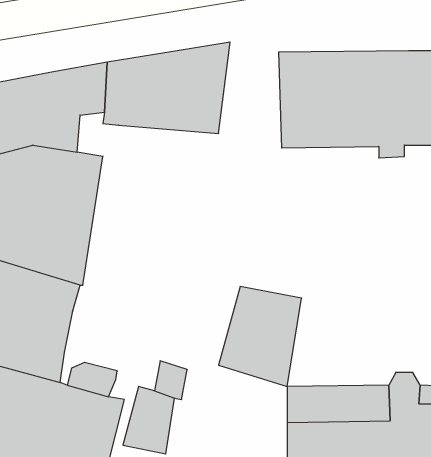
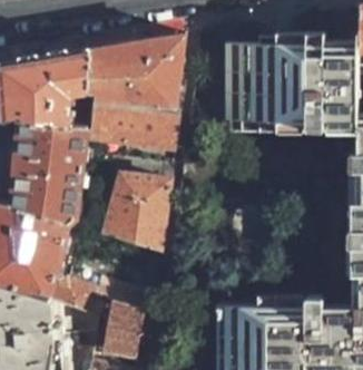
building: none -> [94,99,179,149]
building: [219,287,302,387] -> [105,173,169,251]

